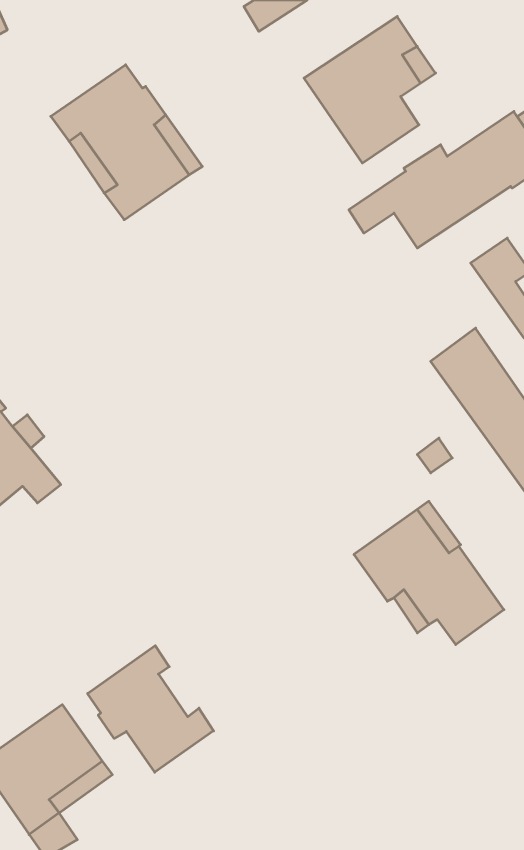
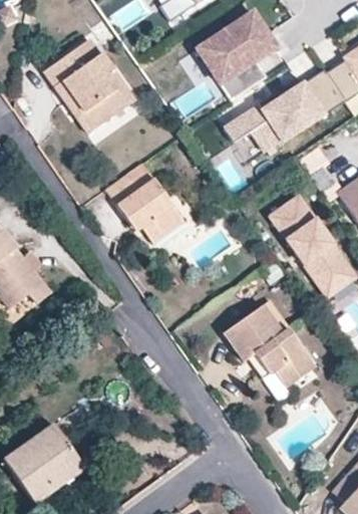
building: none -> [107,166,187,245]
building: [88,646,214,772] -> none

